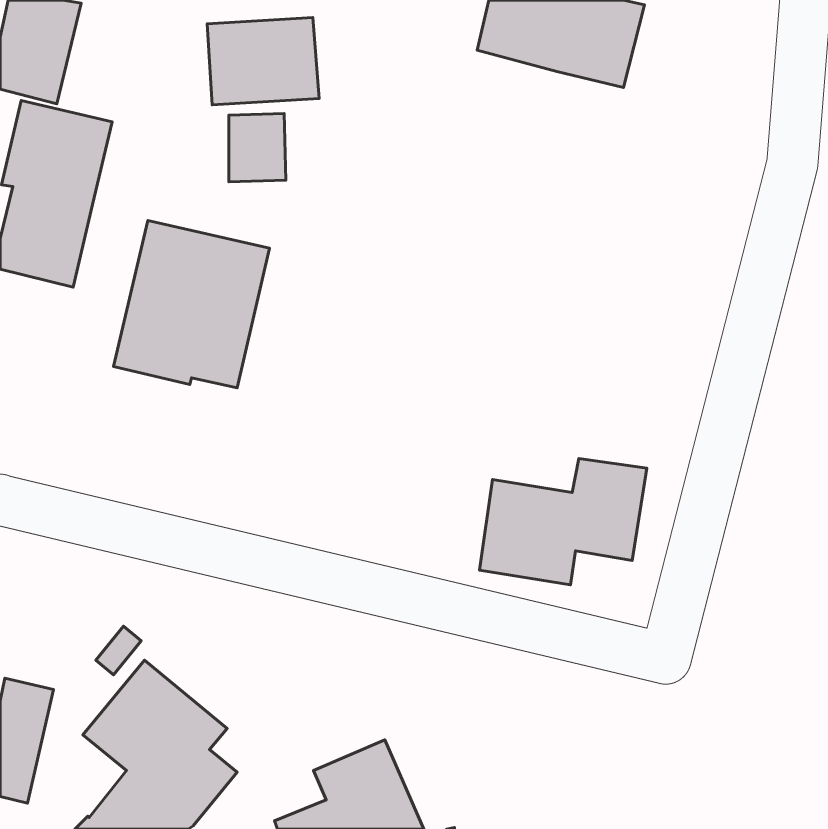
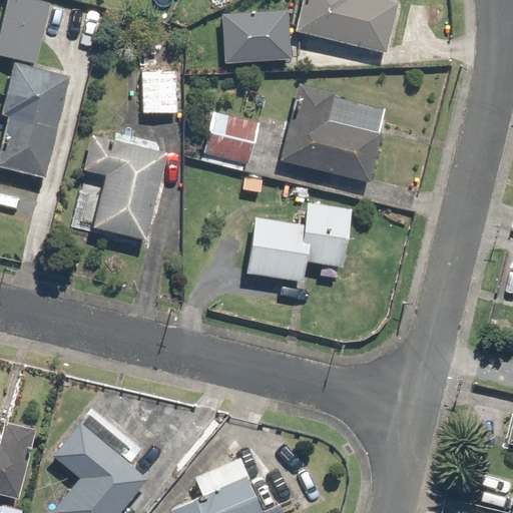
building: [207,17,319,105] -> [222,9,292,63]
building: none -> [282,82,383,182]
building: none -> [203,112,260,162]
building: [480,458,647,585] -> [247,203,351,282]

